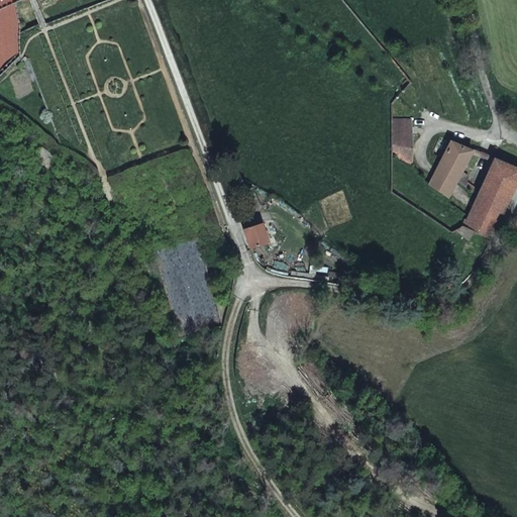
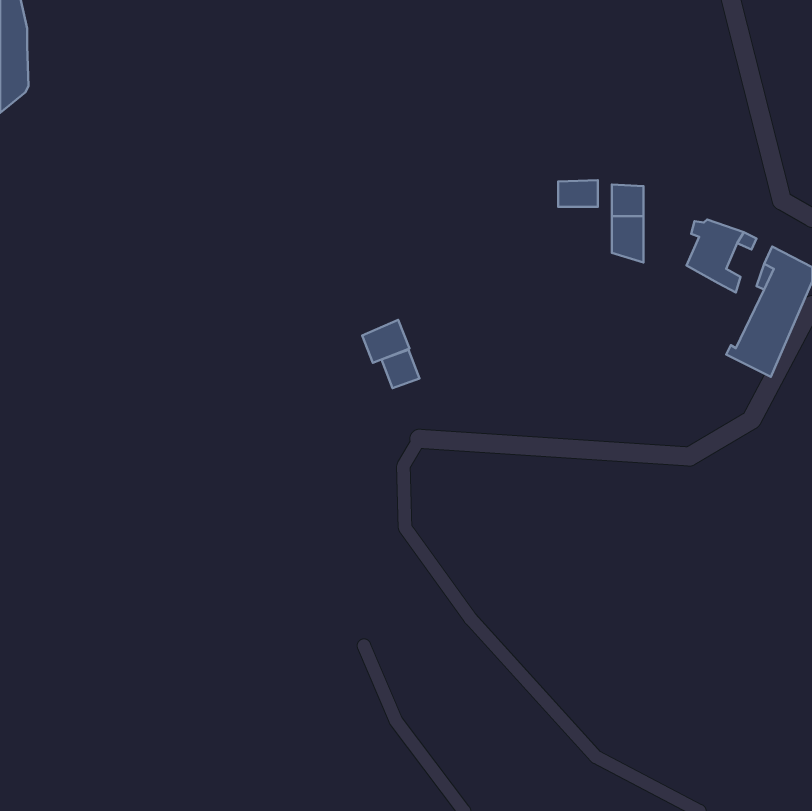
building: none -> [558,180,598,207]
building: [430,169,456,196] -> none
building: none -> [362,320,409,363]

